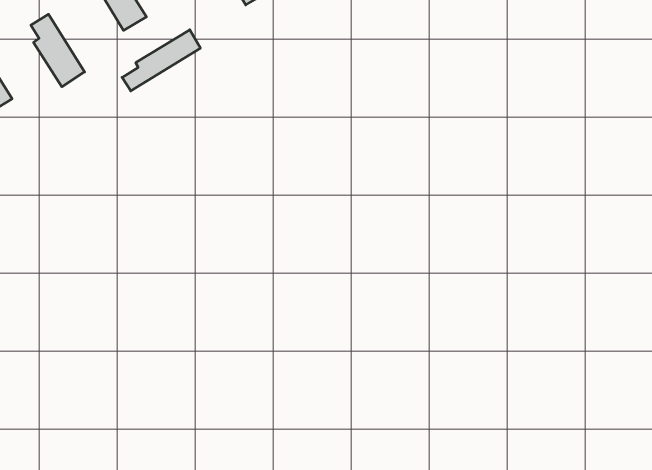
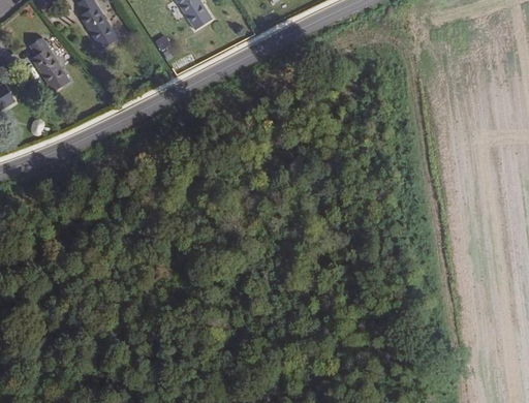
building: [122,30,200,91] -> none

